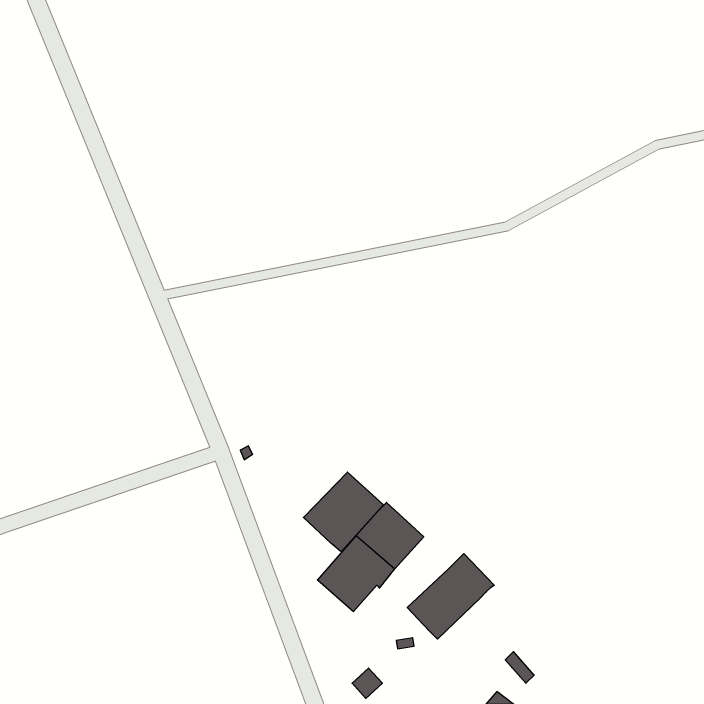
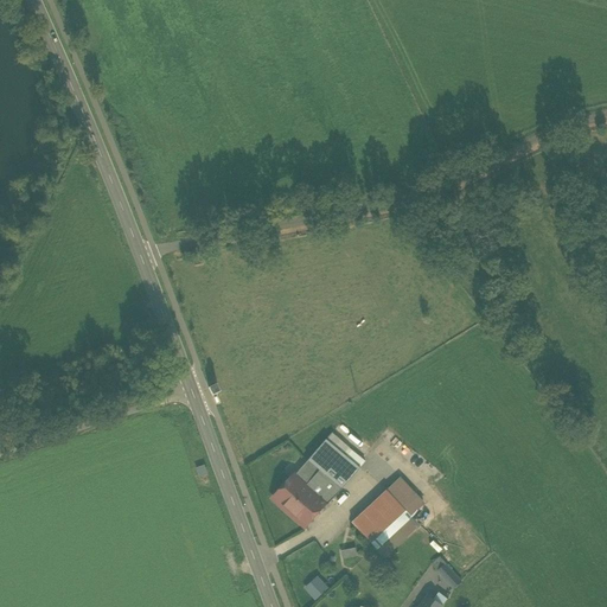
building: [303,472,383,552] -> none

